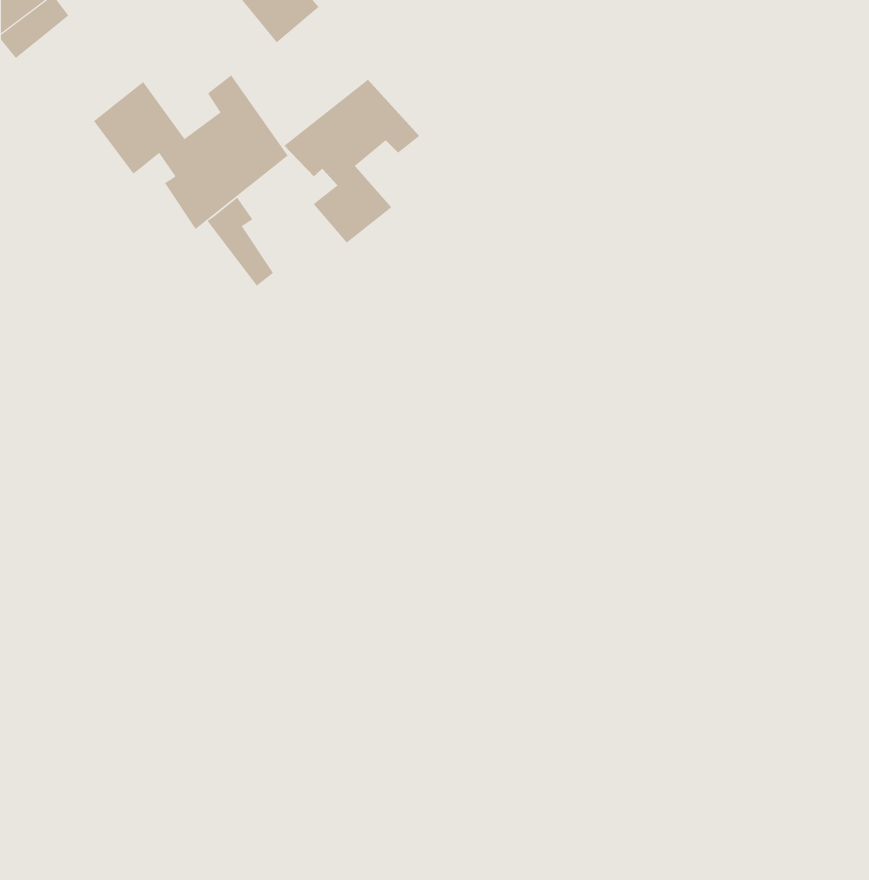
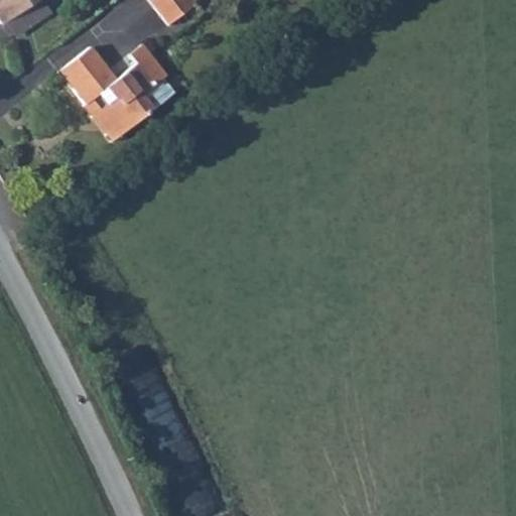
building: [283,79,420,243] -> none
building: [207,197,274,287] -> [83,90,122,142]

